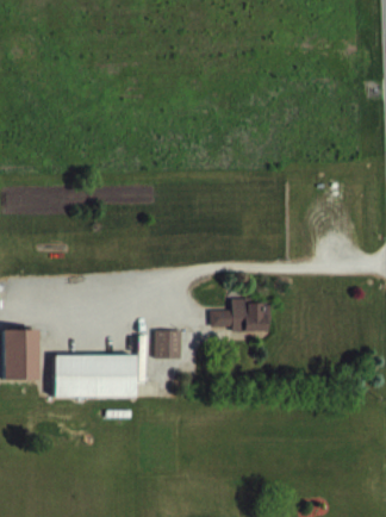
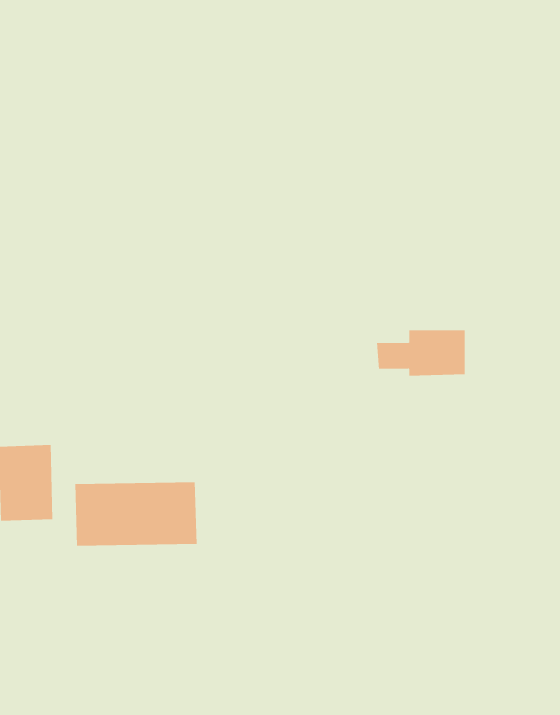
building: [210,300,269,331] -> [376,330,465,376]
building: [155,330,182,357] -> none

